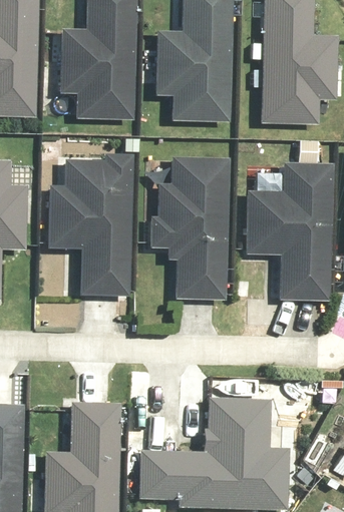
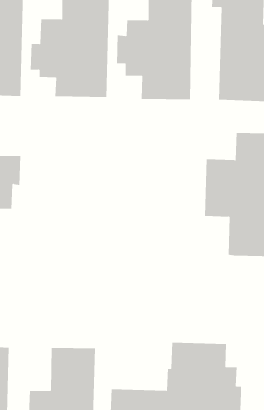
building: [47,152,133,296] -> none
building: [150,156,230,299] -> none

